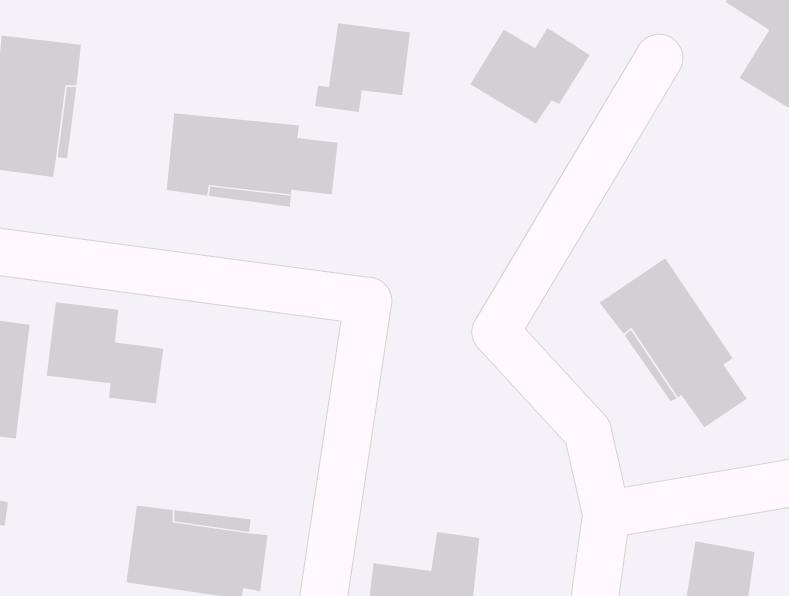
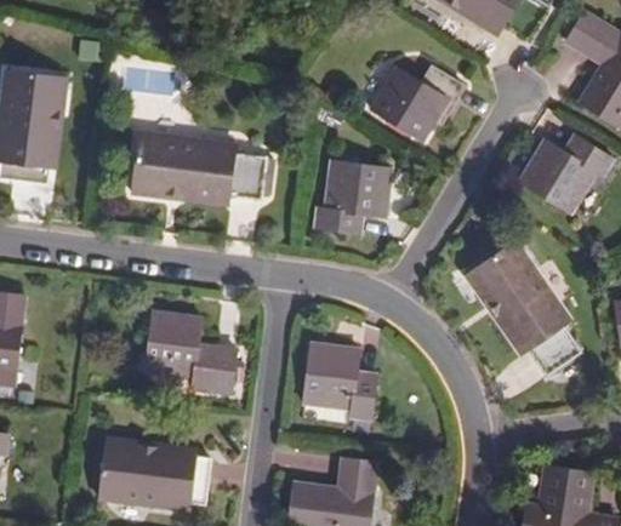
building: [314,23,411,113] -> [315,159,391,229]
building: none -> [518,143,611,216]
building: [46,301,164,404] -> [146,310,238,390]
building: none -> [303,342,375,417]

